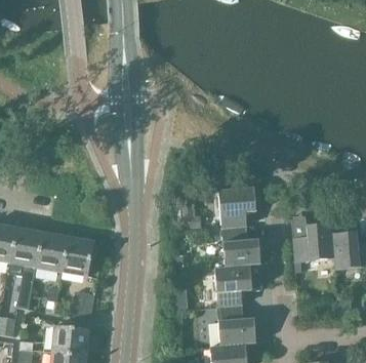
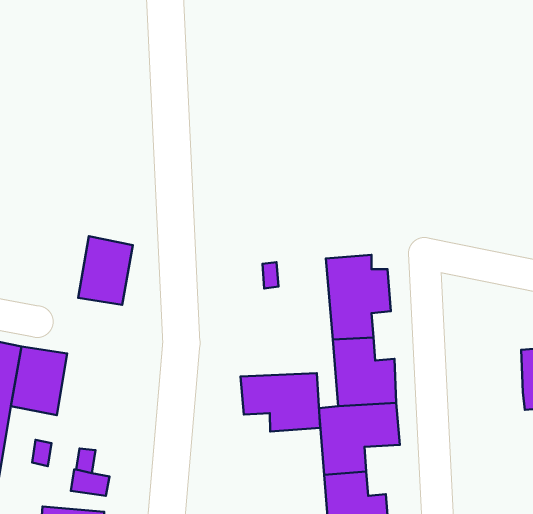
building: [293,224,333,261] -> none
building: [62,236,93,276] -> [78,236,133,305]
building: none -> [241,373,320,432]

